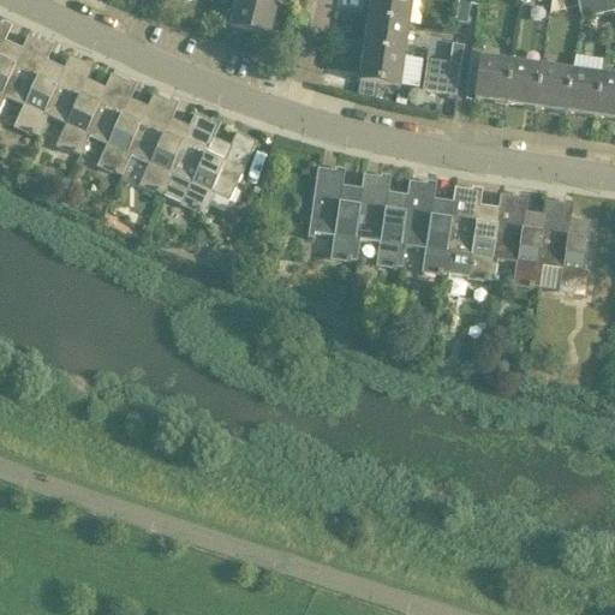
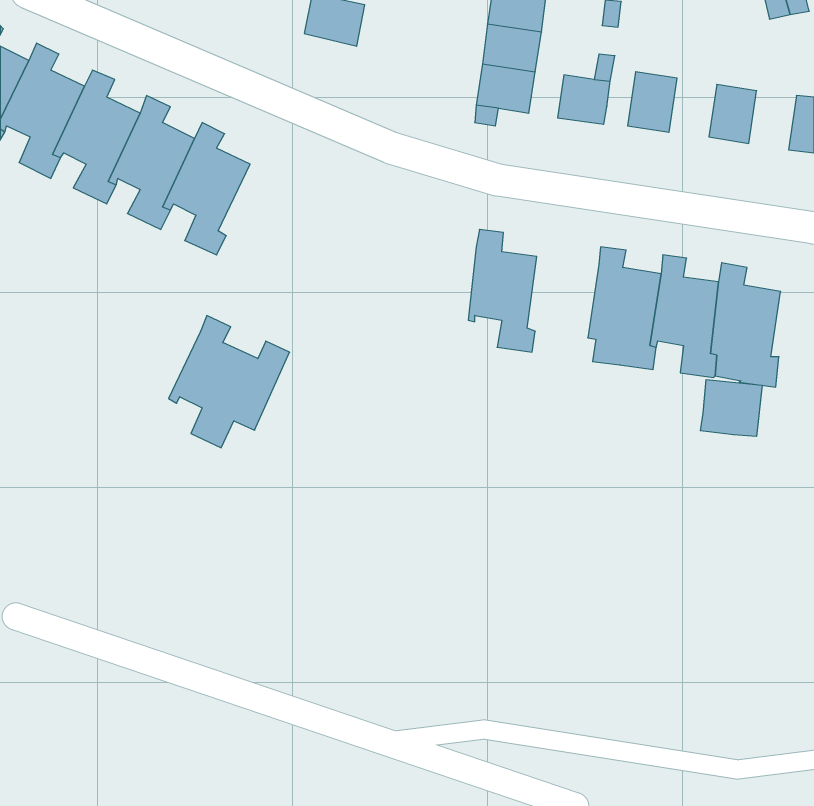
building: [504,59,541,103] -> none
building: [565,68,601,113] -> none
building: [165,112,256,211] -> [169,316,290,448]
building: [306,166,359,259] -> none
building: [398,179,452,273] -> none
building: none -> [700,380,762,436]

